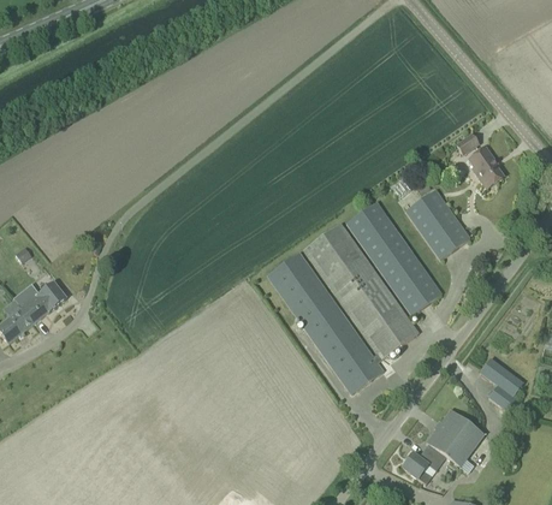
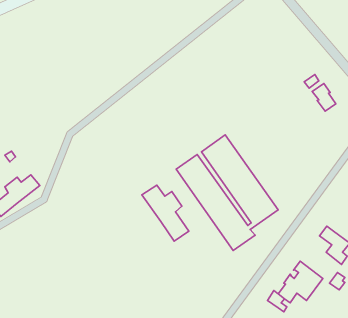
building: [406,190,470,260] -> none
building: [348,202,443,315] -> none
building: none -> [142,185,189,241]

